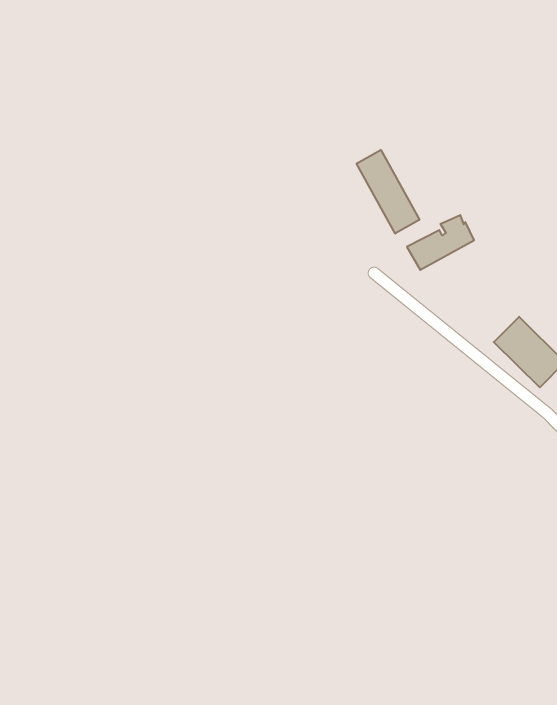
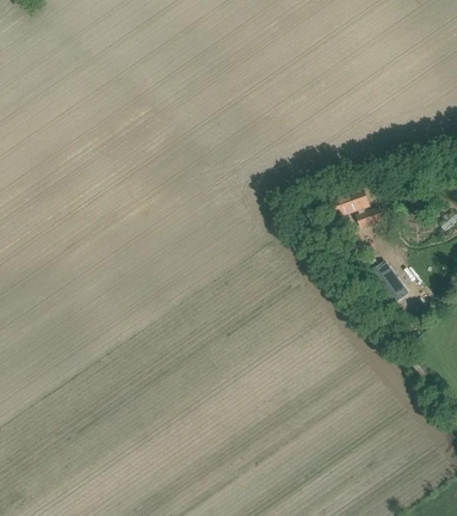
building: [357,150,419,234] -> none

